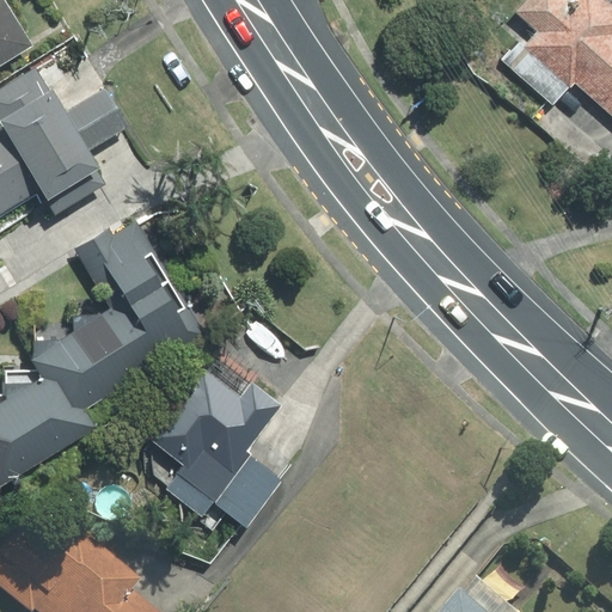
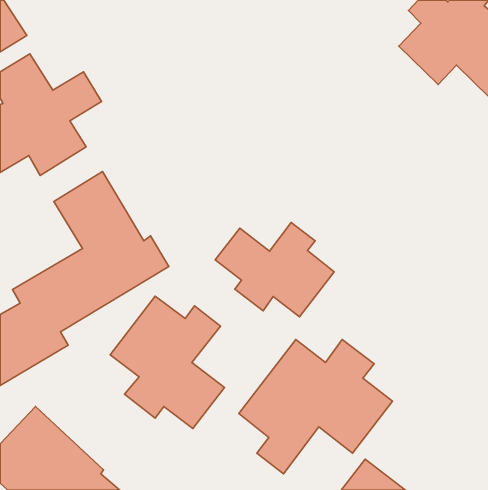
building: none -> [215,223,334,317]
building: none -> [239,340,393,474]

